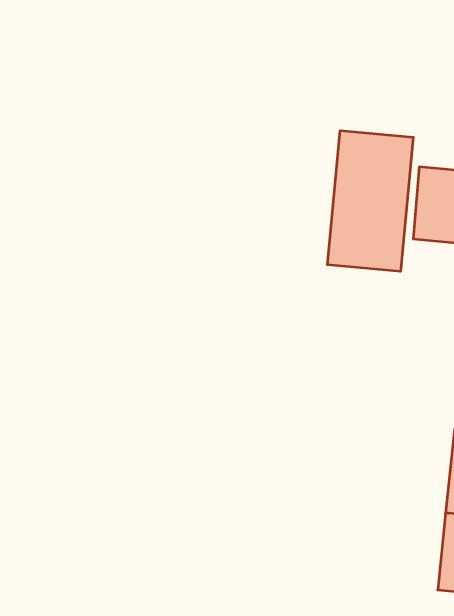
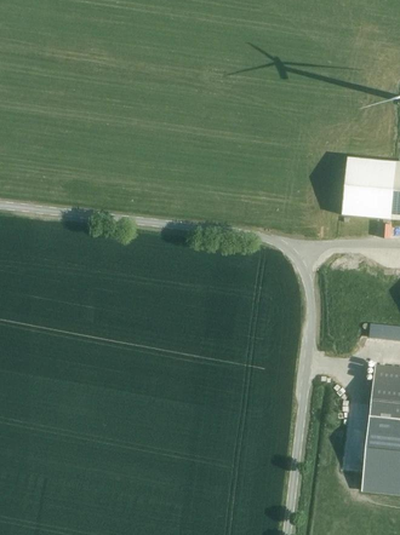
building: [327,131,413,271] -> none

